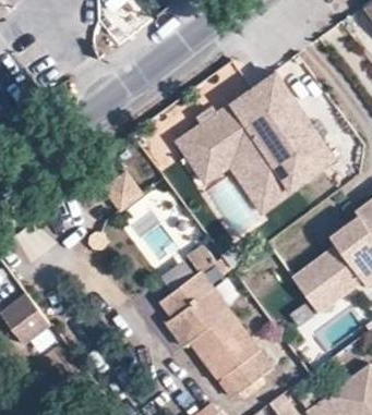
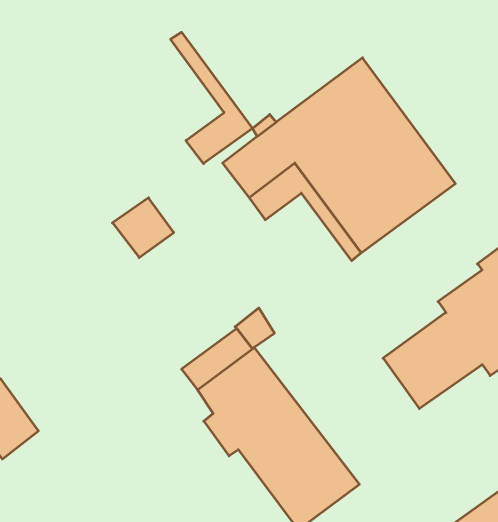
building: none -> [171,32,252,164]

